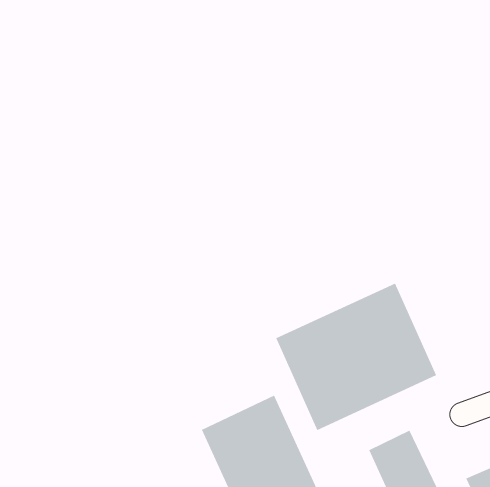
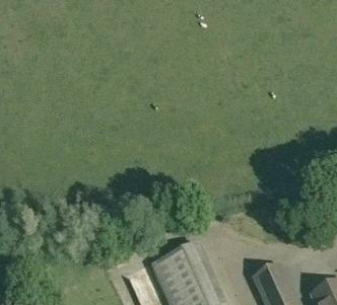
building: [275,282,437,431] -> none

